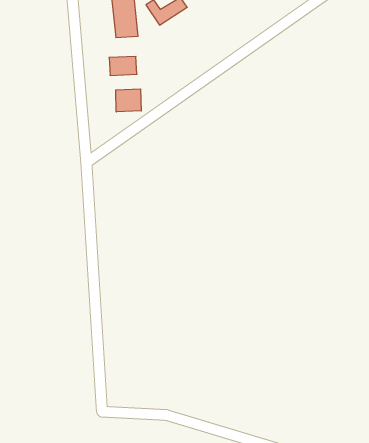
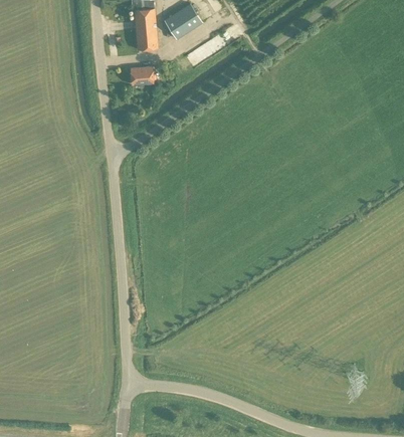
building: [116,89,141,112] -> none

